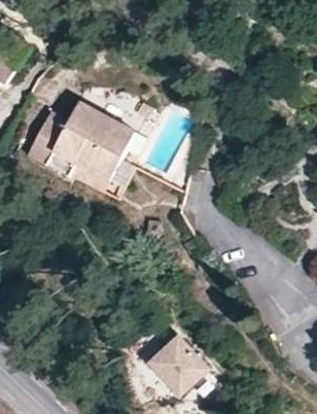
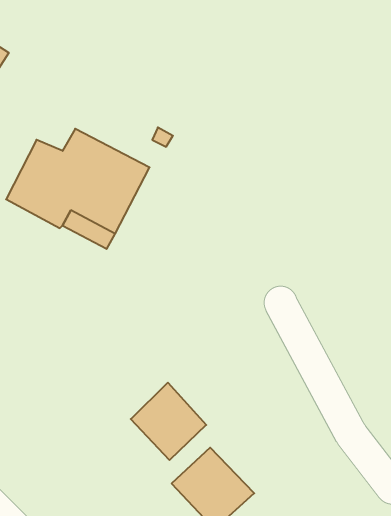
building: none -> [131,383,206,460]

